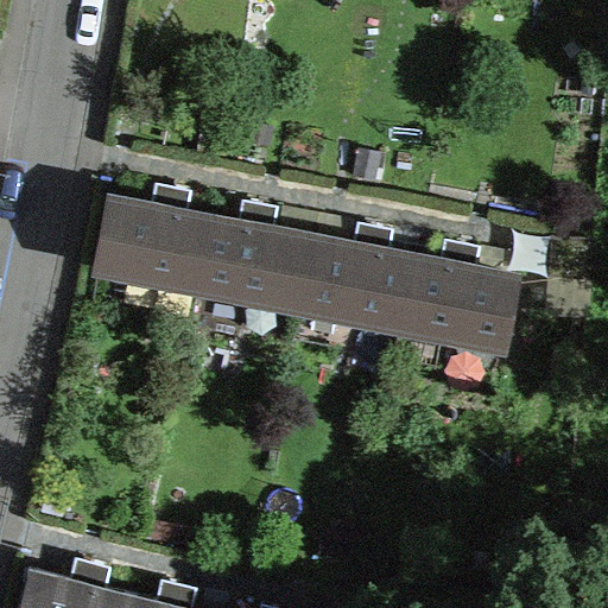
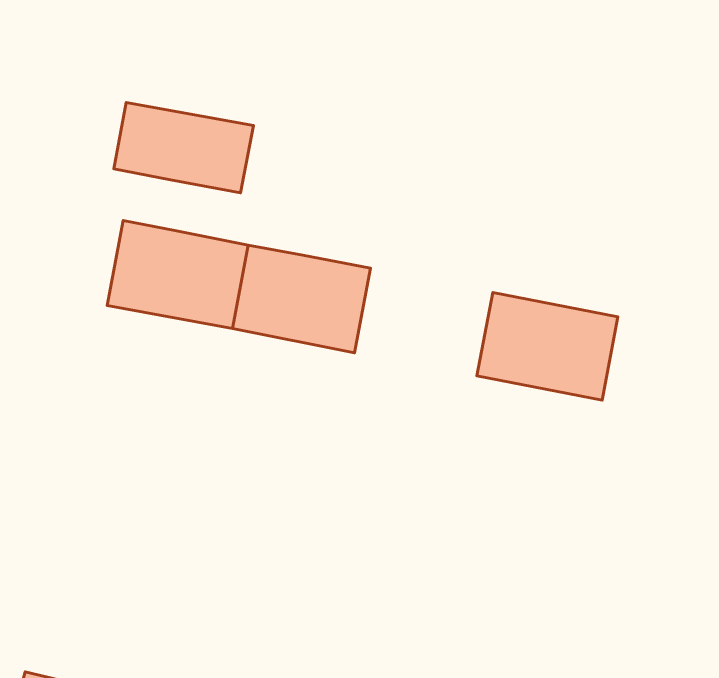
building: none -> [114,103,254,193]
building: [300,236,414,325] -> none

